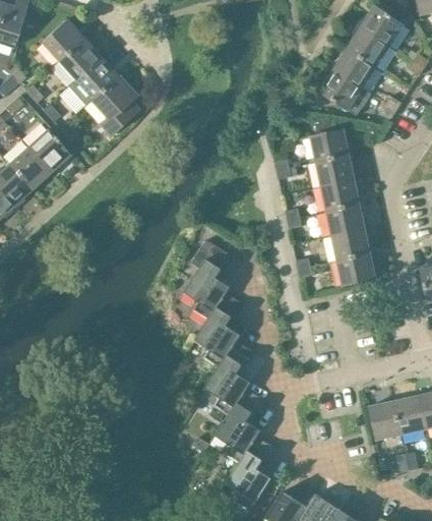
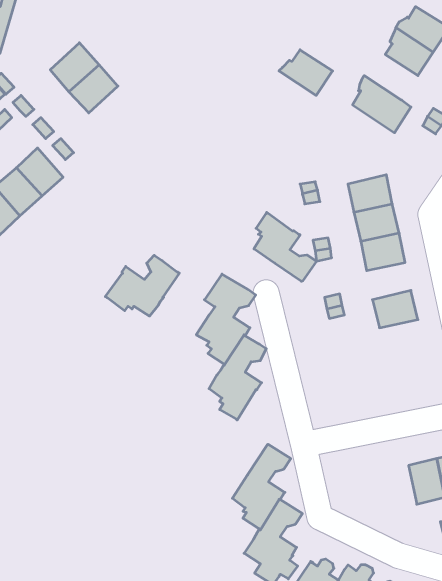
building: [39,19,81,62] -> none
building: [329,49,376,89] -> [279,50,333,95]
building: [89,76,136,141] -> none
building: [310,129,349,162] -> none
building: none -> [254,212,316,281]
building: none -> [105,255,179,316]
building: [331,230,370,263] -> none
building: [204,341,255,415] -> none

